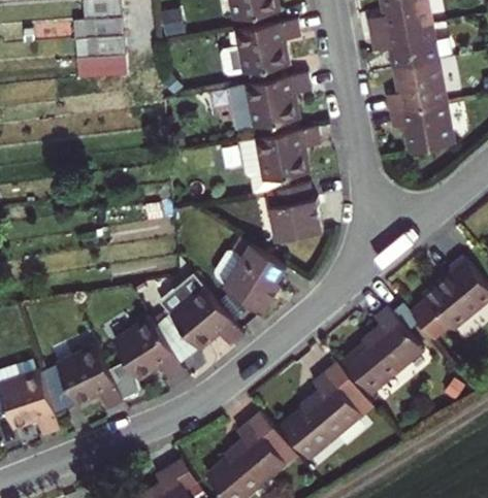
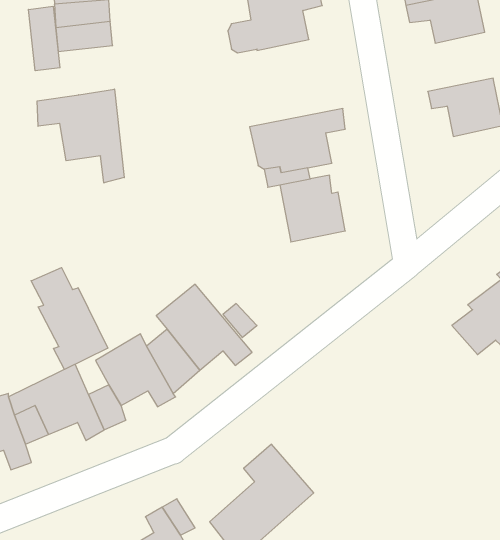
building: none -> [28,6,60,71]
building: [388,63,447,113] -> none
building: [230,74,313,132] -> none
building: none -> [37,89,124,183]
building: [210,237,285,310] -> none
building: none -> [31,268,108,369]
building: [345,305,423,390] -> none
building: [282,363,373,457] -> none

